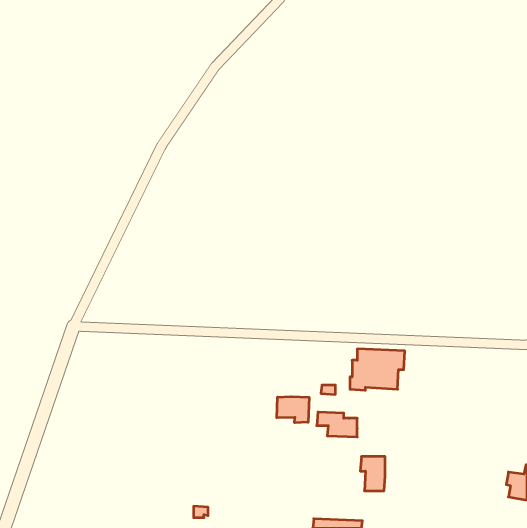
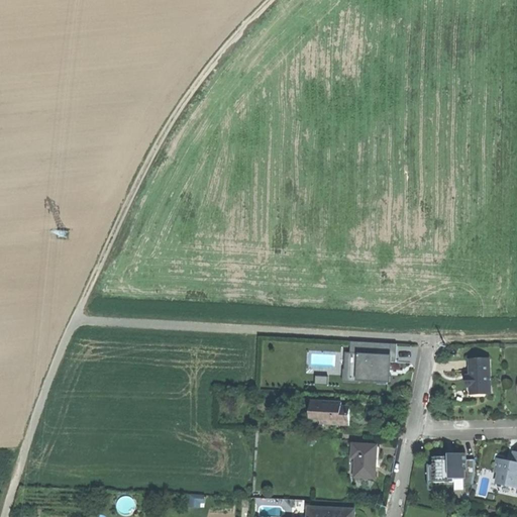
building: none -> [464,360,488,395]
building: [277,397,309,423] -> none
building: none -> [427,451,474,484]

